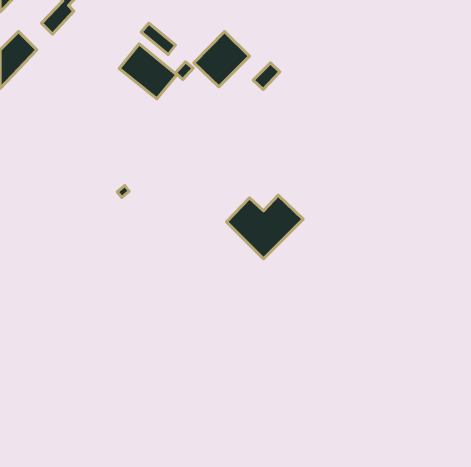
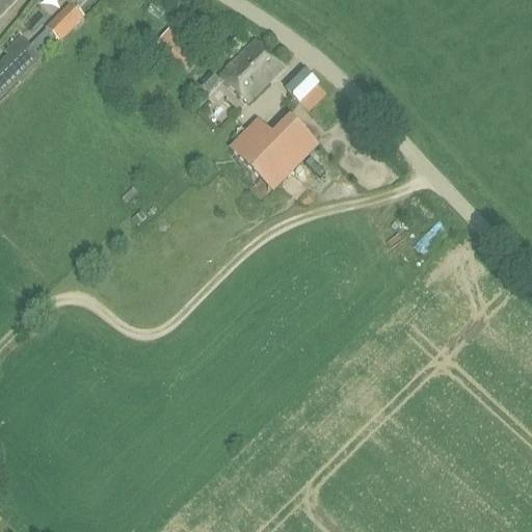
building: [119,44,177,99] -> none
building: [227,195,303,259] -> [232,115,318,187]

